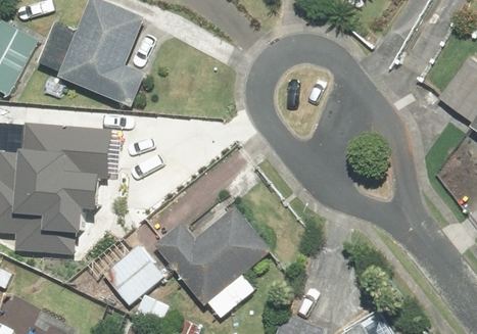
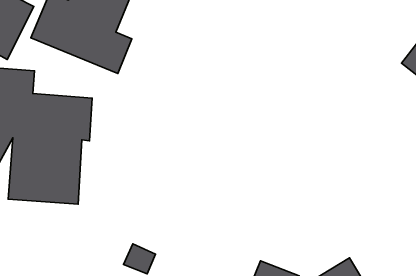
building: [154,204,272,322] -> none
building: [101,244,163,305] -> none

